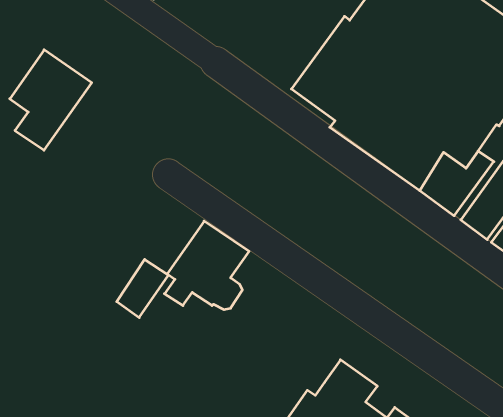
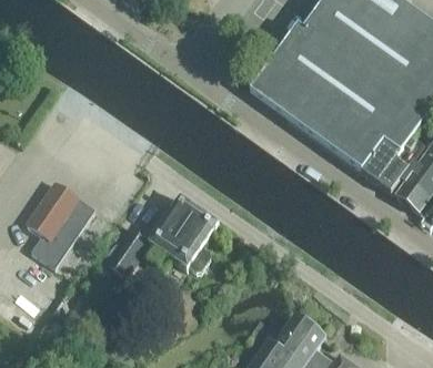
building: [10,50,92,150] -> [27,182,95,266]

